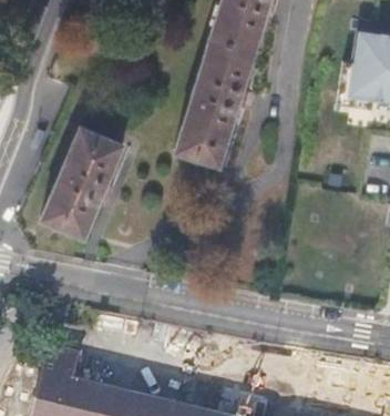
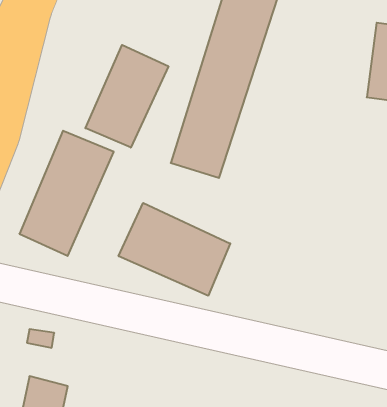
building: none -> [85,45,168,148]
building: none -> [119,203,230,296]

